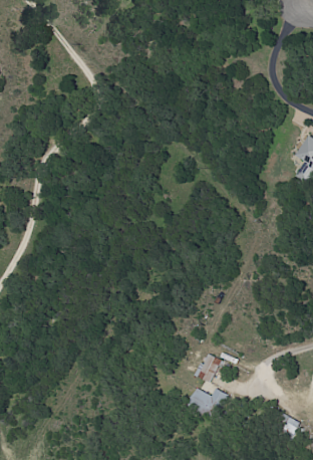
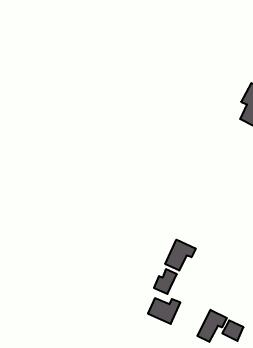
building: none -> [165,240,196,271]
building: none -> [197,310,227,342]

